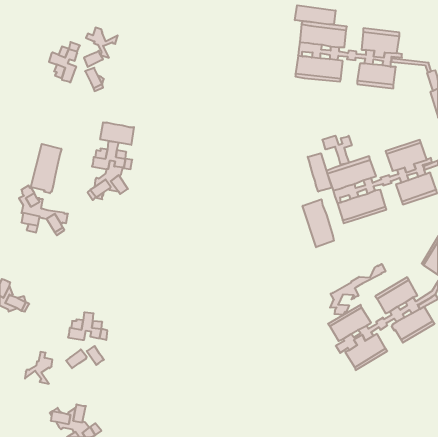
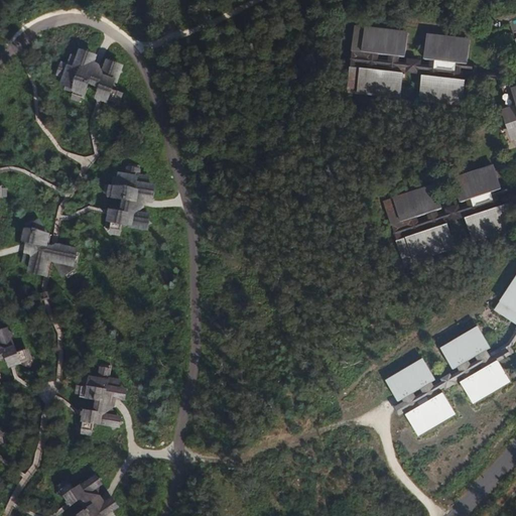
building: [295,5,336,25] -> none
building: [86,28,118,58] -> [80,62,117,98]
building: [100,122,134,145] -> none
building: [322,136,352,165] -> none
building: [31,144,61,193] -> none
building: [308,153,332,192] -> none
building: [303,199,334,247] -> none
building: [330,264,385,315] -> none
building: [25,352,52,384] -> [83,388,115,425]

